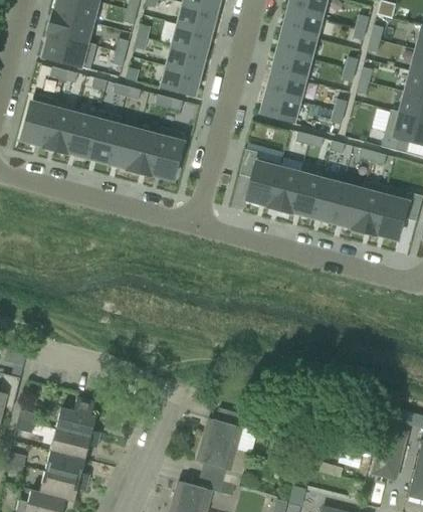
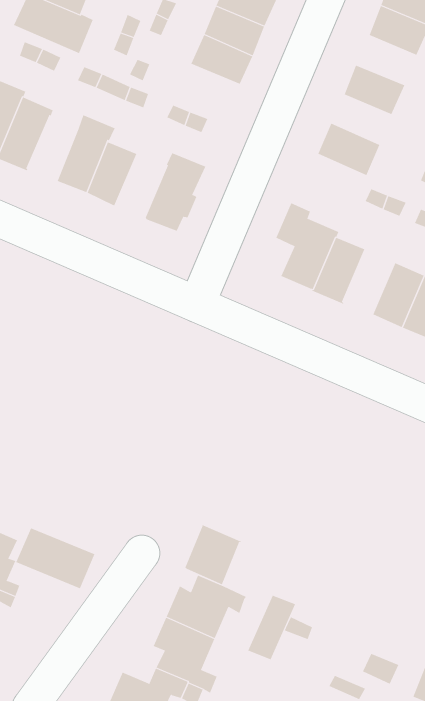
building: [276,29,316,59] -> none
building: [161,65,201,97] -> none
building: [265,71,305,102] -> none
building: [66,114,96,157] -> none
building: [128,131,160,175] -> none
building: [290,173,322,216] -> none
building: none -> [185,524,243,585]
building: none -> [16,527,95,589]
building: none -> [248,595,296,660]

